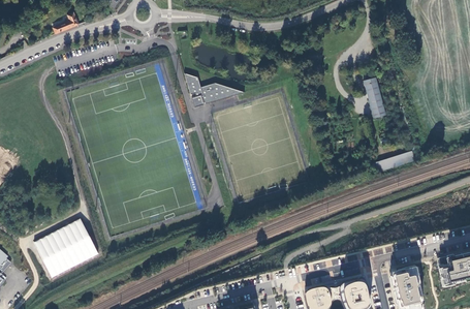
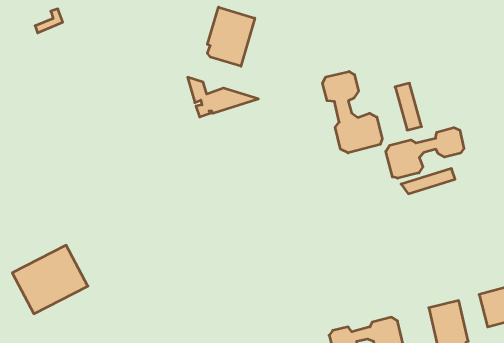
building: none -> [207,7,255,66]
building: none -> [322,71,382,153]
building: none -> [386,128,464,178]

